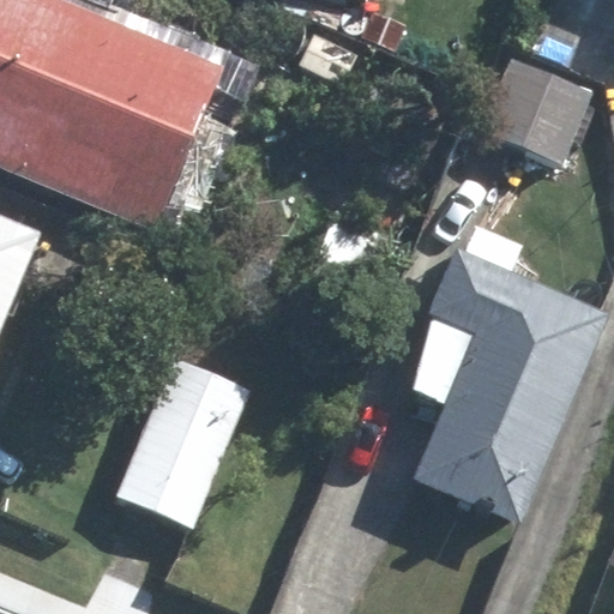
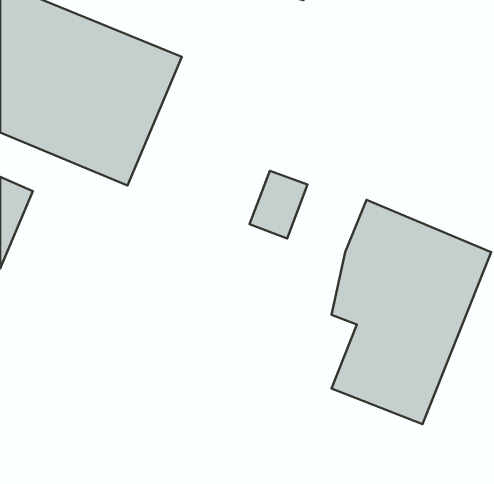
building: [478,50,595,164] -> none
building: [115,353,252,525] -> none

